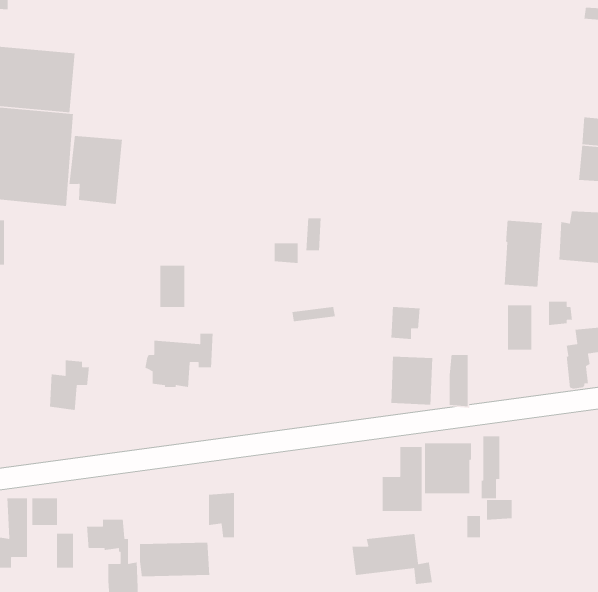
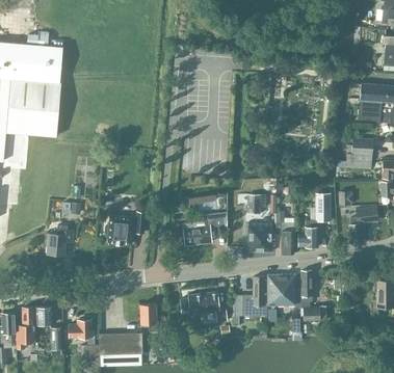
building: [68,135,123,205] -> none
building: [504,220,543,288] -> none
building: [160,265,185,308] -> none
building: none -> [183,213,226,245]
building: none -> [298,221,318,249]
building: [352,533,433,585] -> [180,292,228,322]

